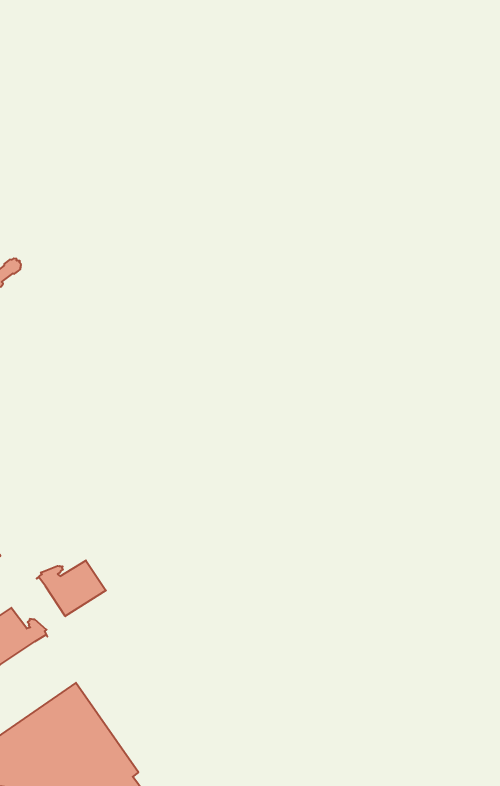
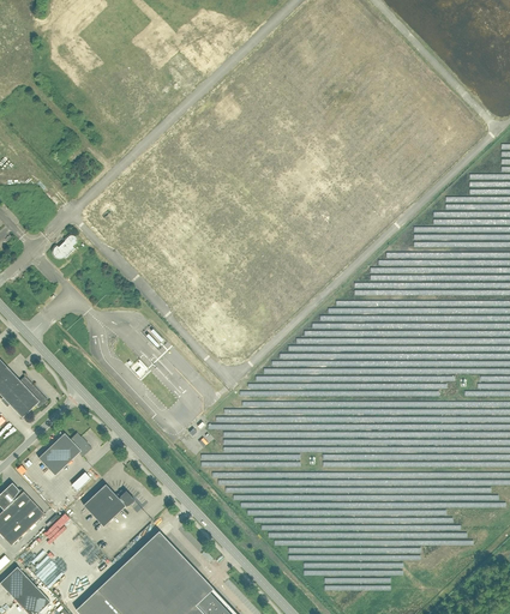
building: [37,560,106,616] -> none

